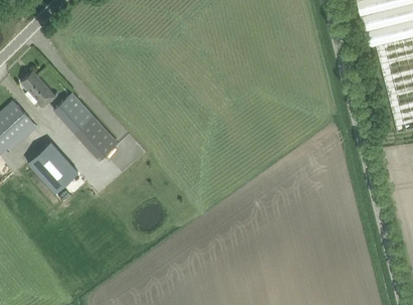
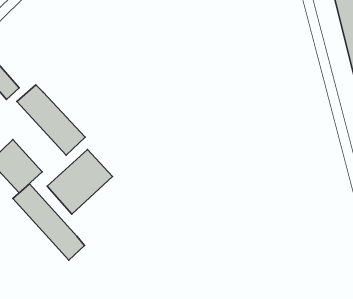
building: none -> [47,150,112,214]
building: none -> [13,184,85,260]

